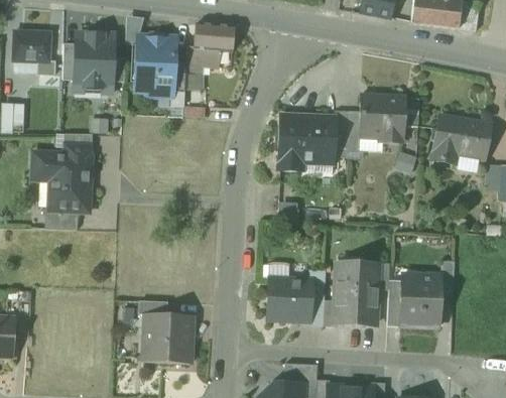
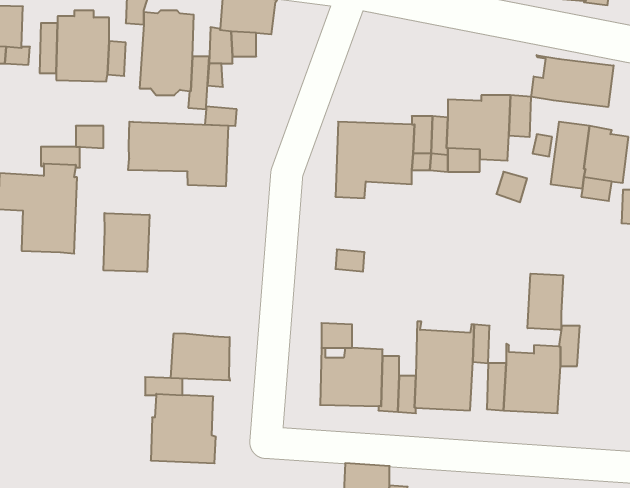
building: none -> [531,55,614,107]
building: none -> [128,122,228,186]
building: none -> [104,213,149,272]
building: [44,208,78,229] -> none
building: none -> [528,274,563,330]
building: none -> [171,333,230,381]

